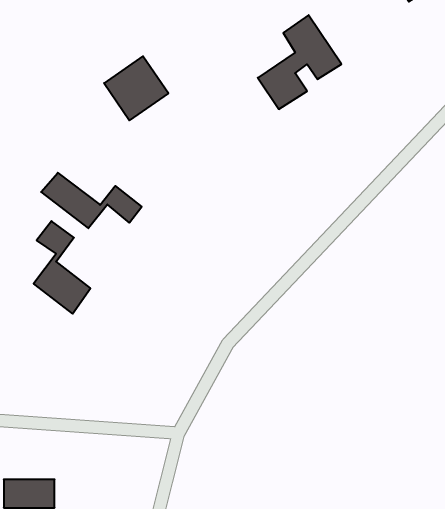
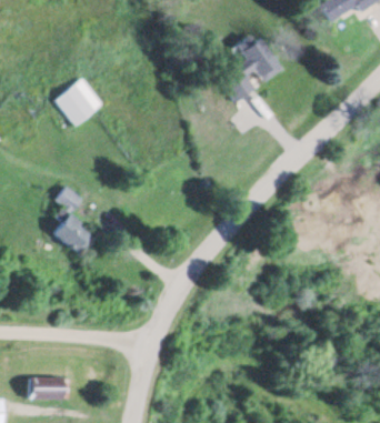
building: [104,56,168,120] -> [54,78,102,125]
building: [41,173,142,228] -> none

